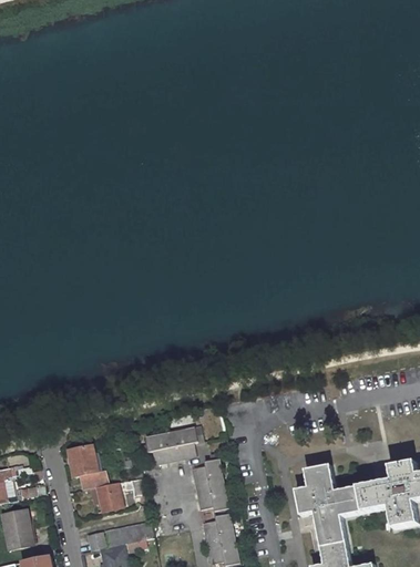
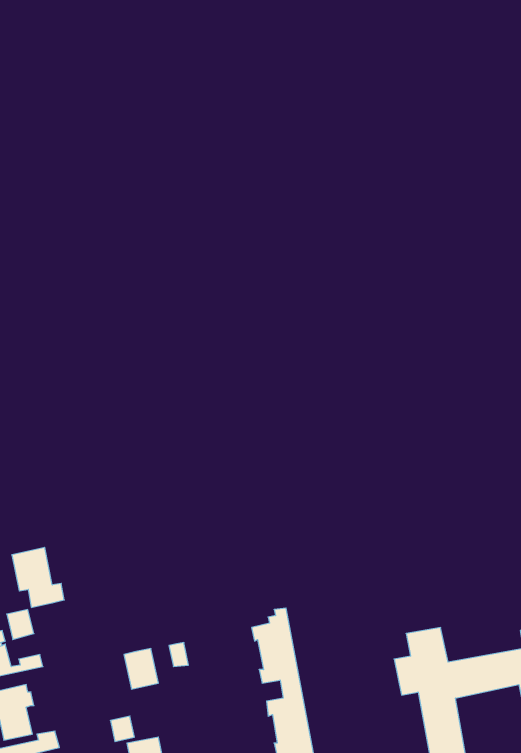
building: [145,425,204,463] -> none
building: [68,445,106,489] -> [12,547,64,607]
building: [104,522,154,547] -> none

